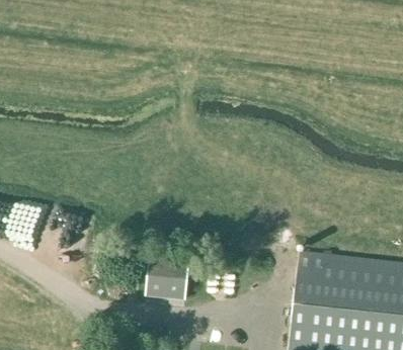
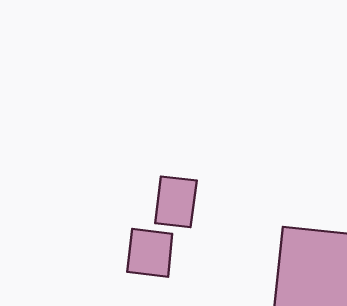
building: none -> [155,176,197,227]

